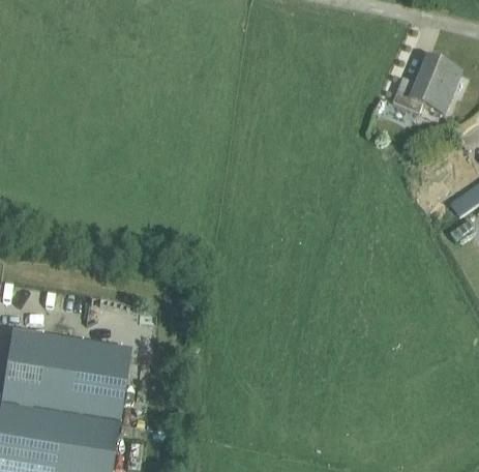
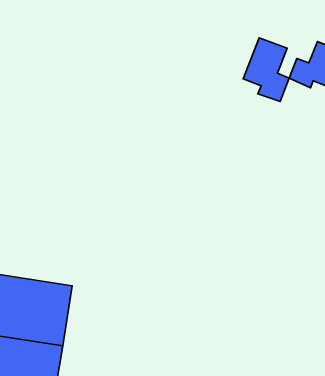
building: none -> [243,38,289,101]

